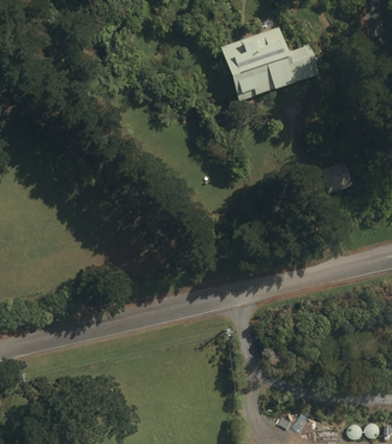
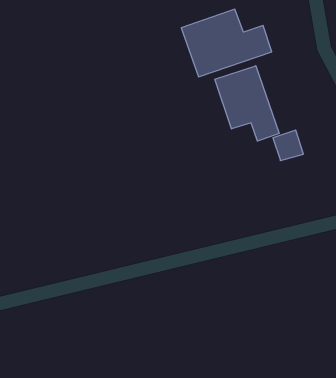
building: none -> [215,66,279,141]

